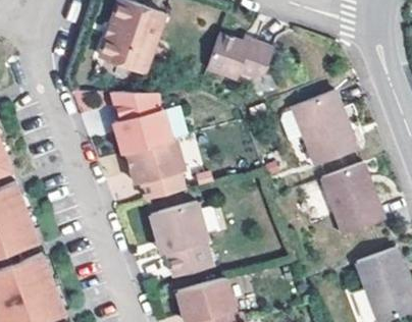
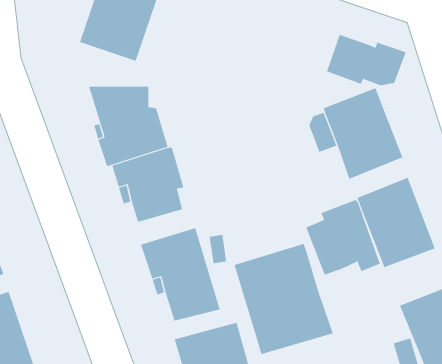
building: [206,35,269,75] -> [326,34,406,86]
building: none -> [306,199,381,275]
building: none -> [234,243,334,355]

